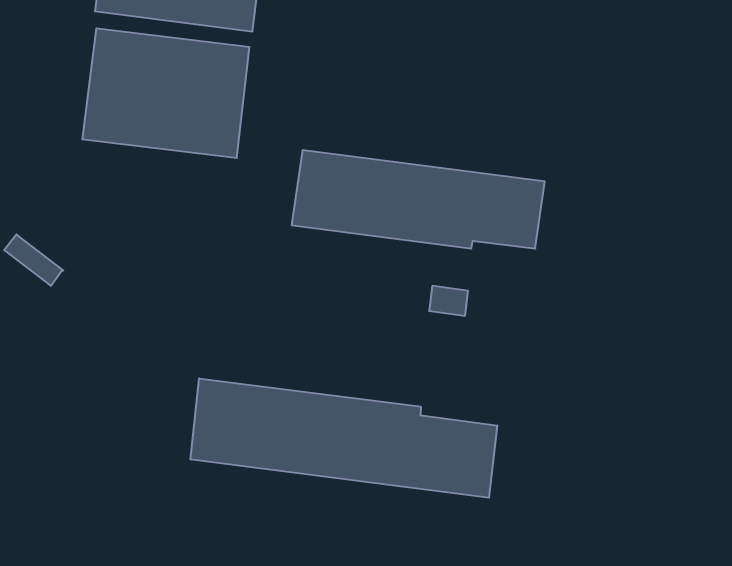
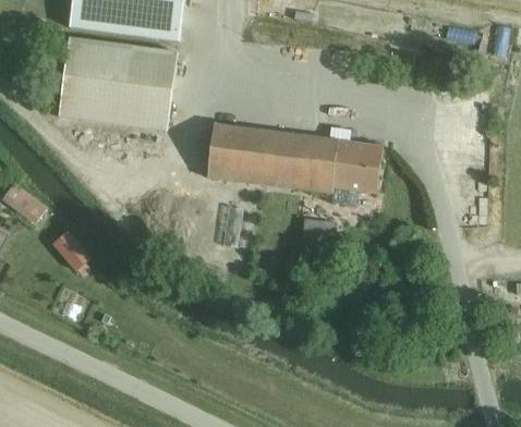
building: none -> [52,229,88,267]
building: [190,378,497,498] -> none

